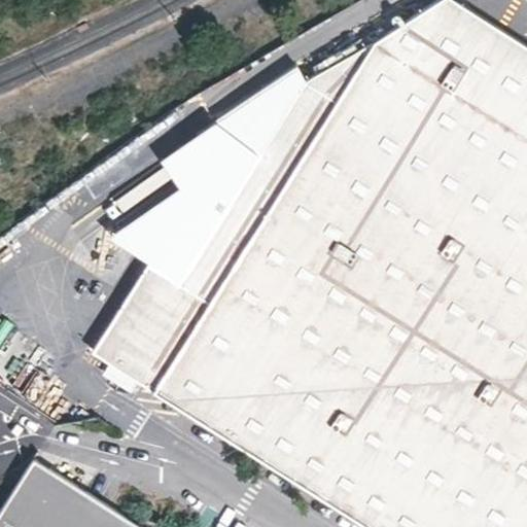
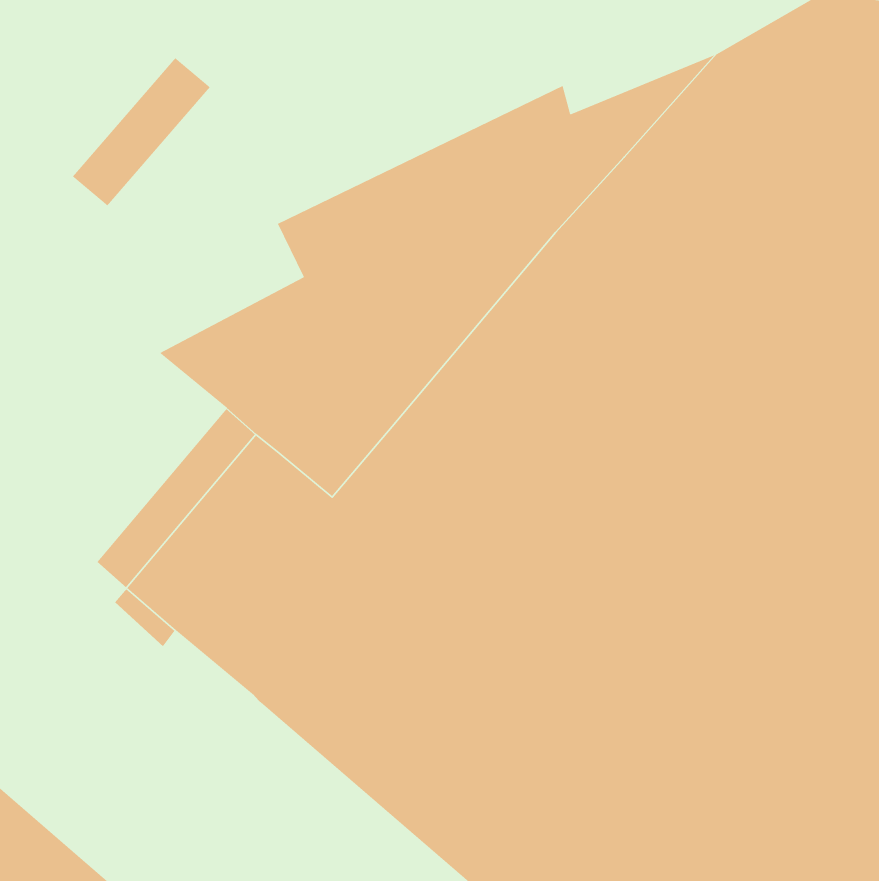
building: none -> [72,57,211,206]

